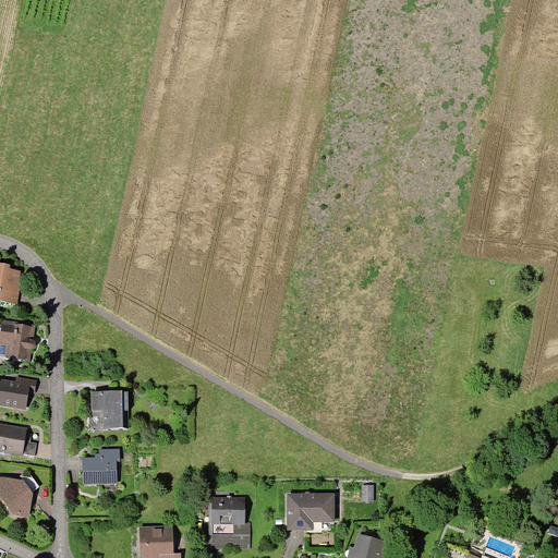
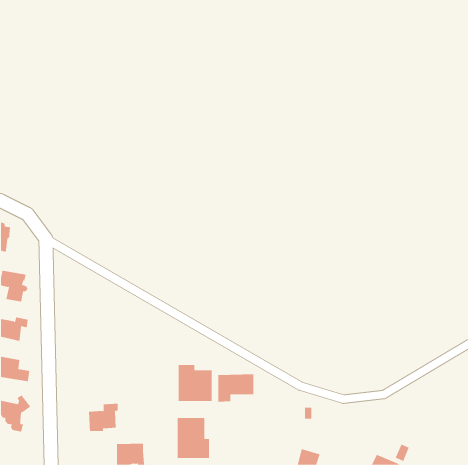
building: [90,391,126,427] -> none
building: none -> [178,364,212,402]
building: [82,448,118,482] -> [88,403,118,432]
building: [288,494,331,527] -> [217,374,254,402]

